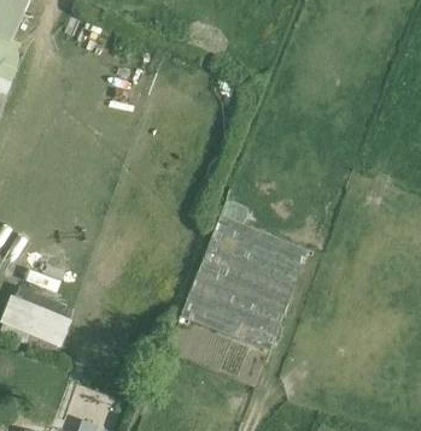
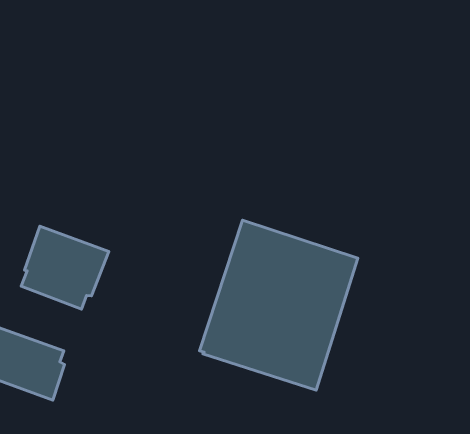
building: none -> [21,226,109,309]

